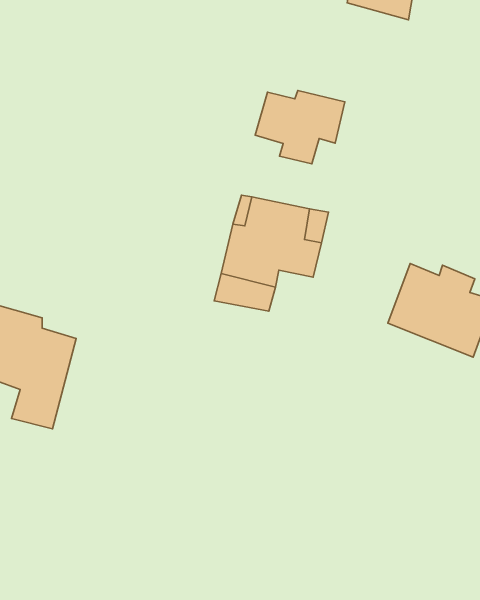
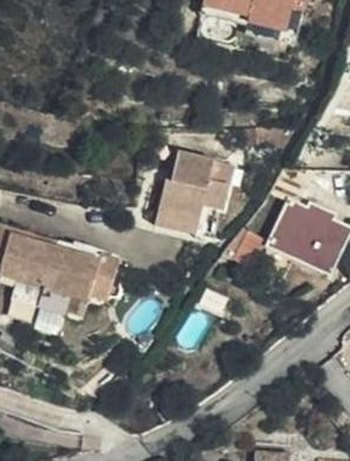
building: [255,90,345,164] -> none
building: none -> [38,250,117,319]

